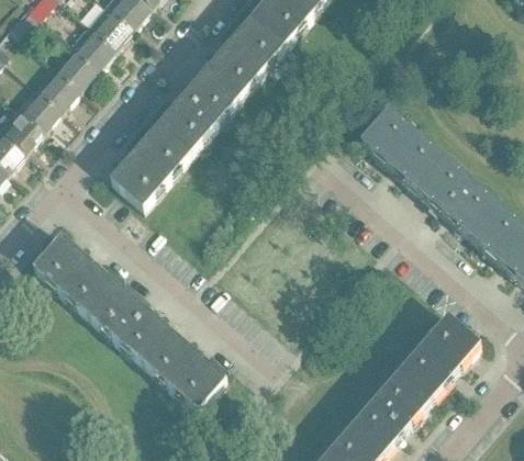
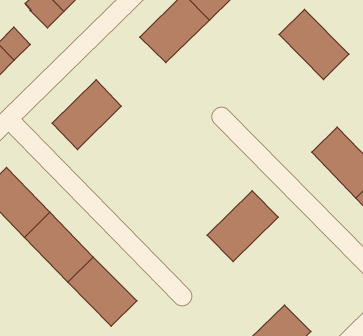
building: [56,48,96,88] -> none
building: [157,69,237,151] -> none
building: [360,108,444,188] -> [279,9,349,79]
building: [399,313,480,397] -> [207,191,278,262]

